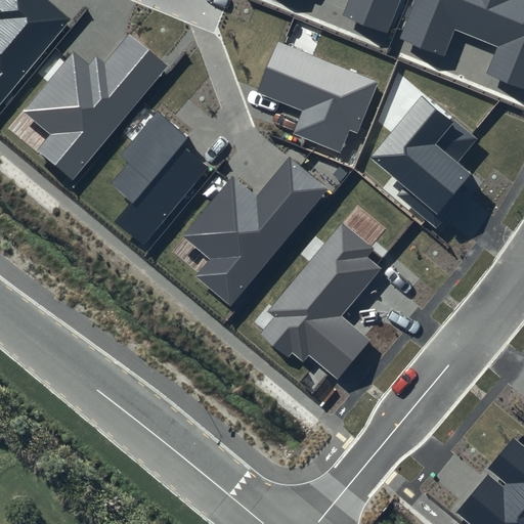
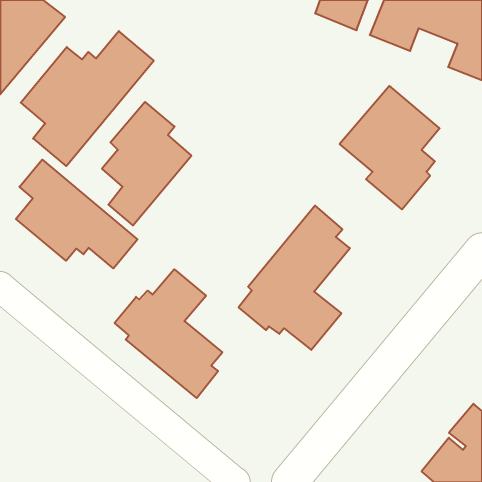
building: [256,41,377,154] -> none
building: [183,157,329,307] -> none
building: none -> [16,160,137,268]
building: none -> [115,269,222,398]

